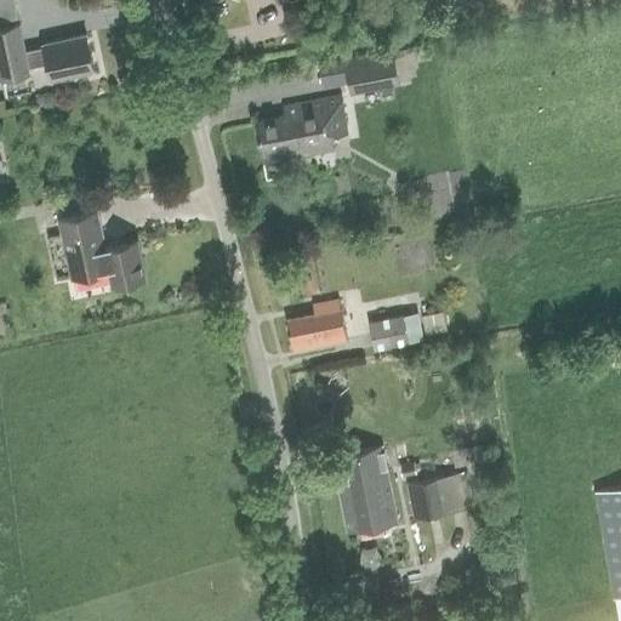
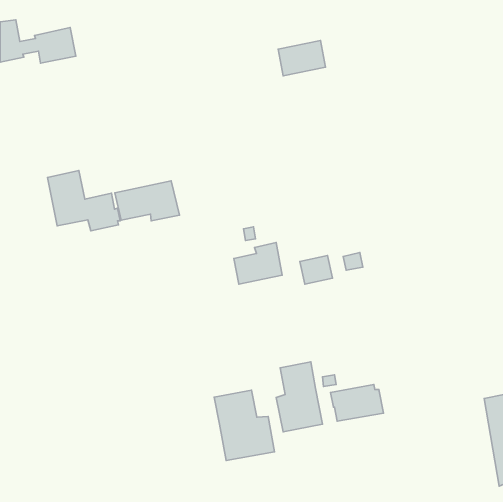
building: [258,98,348,164] -> none
building: none -> [115,181,179,221]
building: none -> [214,390,274,461]

